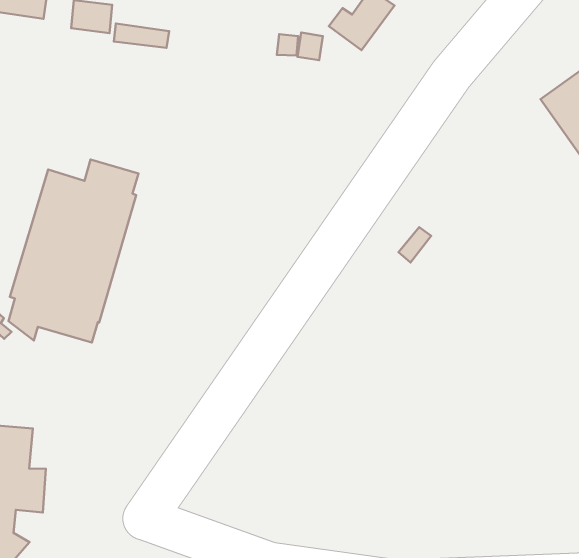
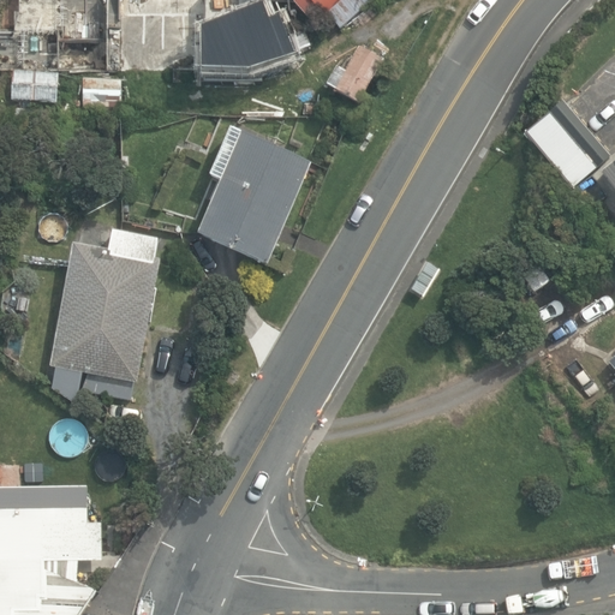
building: none -> [198,127,310,262]

